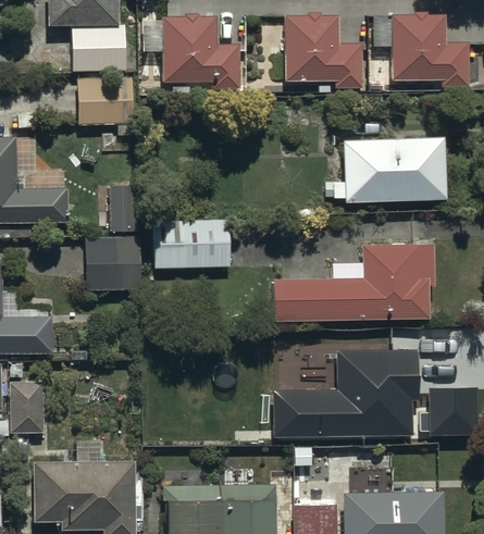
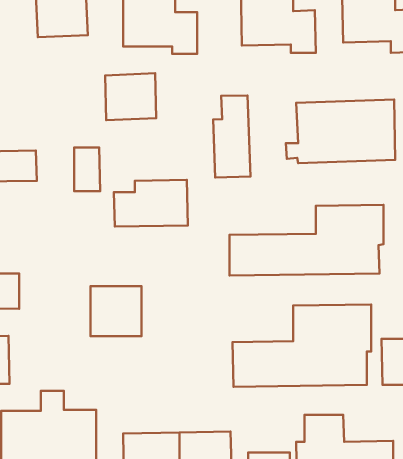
building: [77,76,131,125] -> [105,73,156,120]
building: none -> [213,95,251,178]
building: [85,237,138,289] -> [90,286,141,336]

